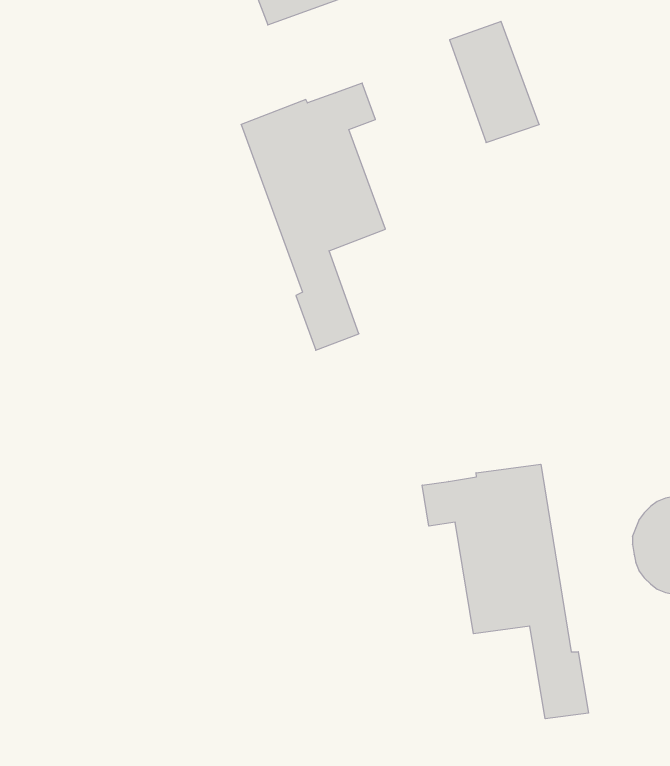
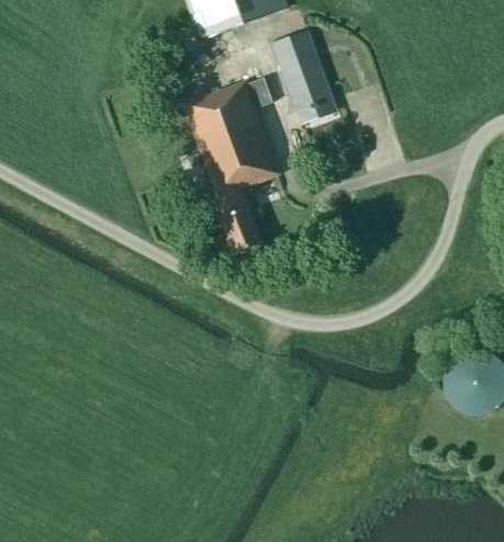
building: [450,21,539,143] -> [273,31,333,111]
building: [422,464,588,719] -> none

